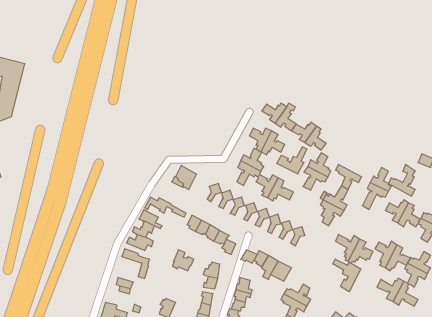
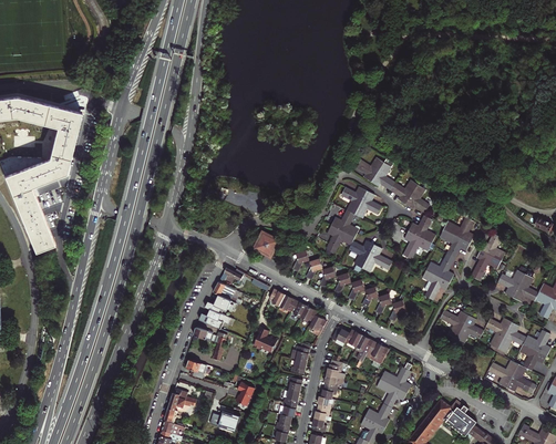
building: [277,147,307,174] -> none
building: [388,164,415,196] -> [444,207,475,244]
building: [333,259,361,292] -> none

